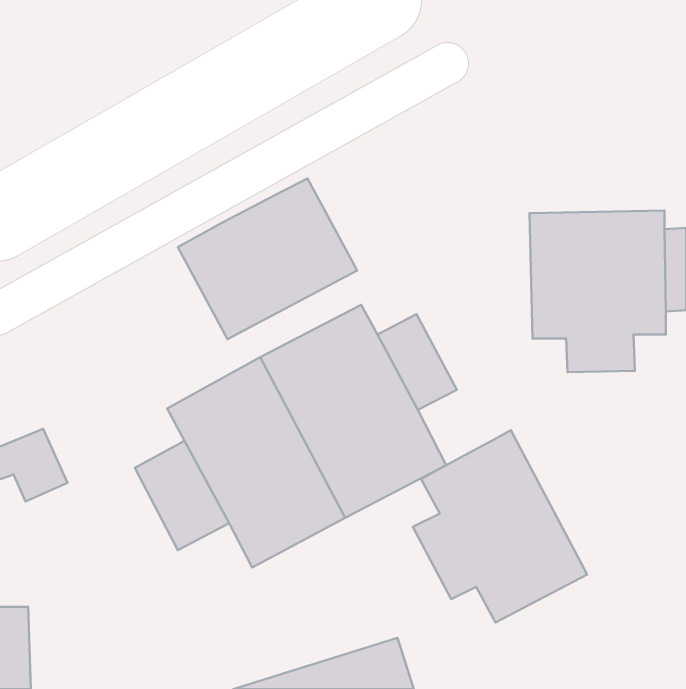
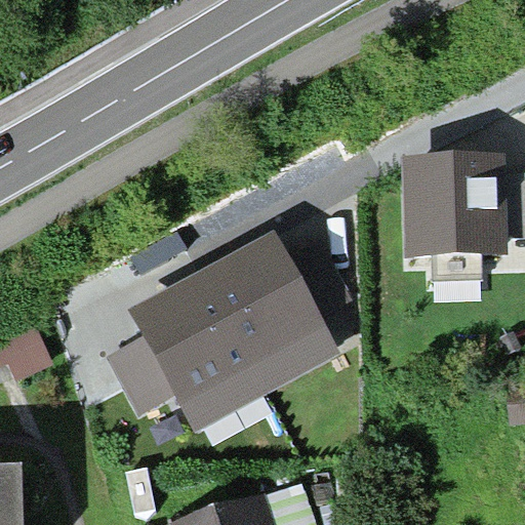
building: [178,178,357,339] -> none
building: [413,430,587,623] -> none

